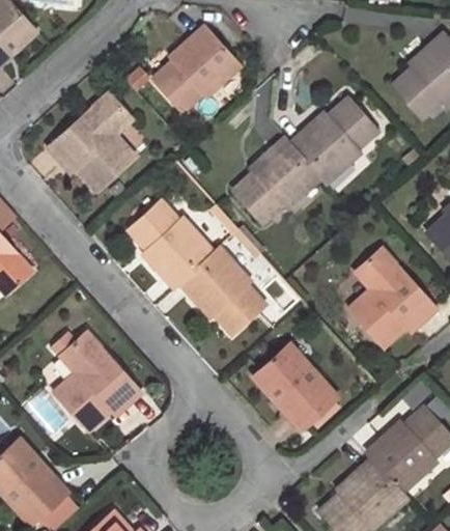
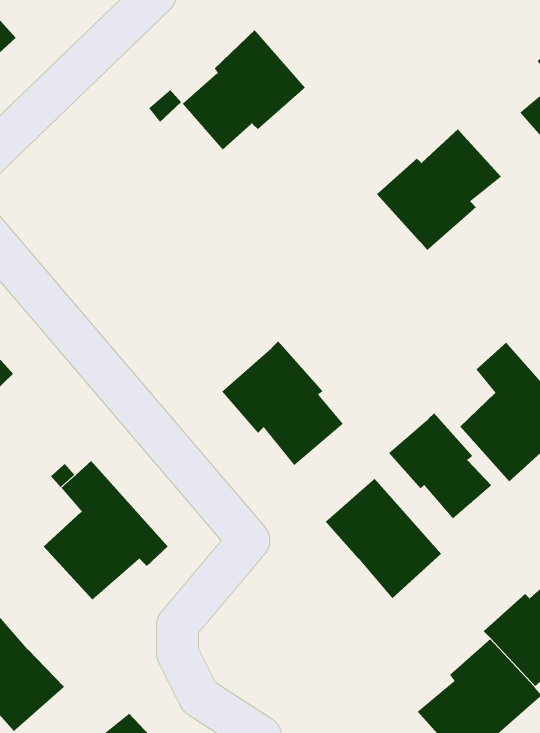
building: [47,92,136,192] -> none
building: [231,136,320,222] -> none
building: [128,199,215,287] -> none
building: none -> [388,412,492,519]

